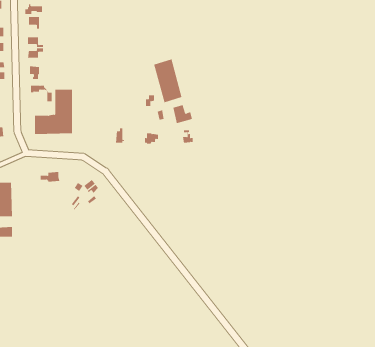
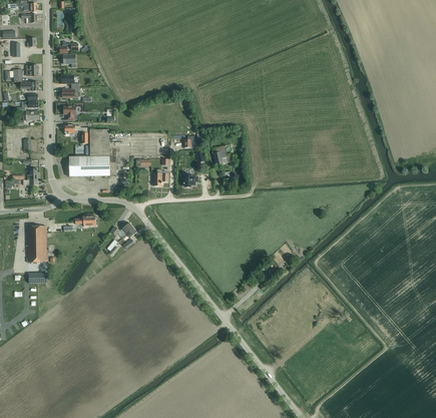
building: [154,59,182,103] -> none

